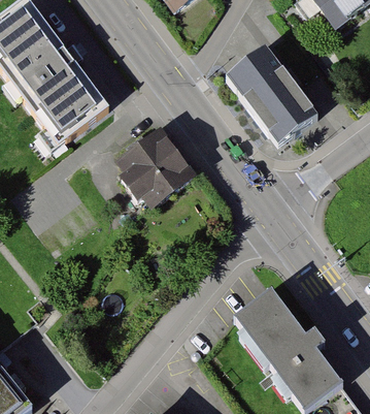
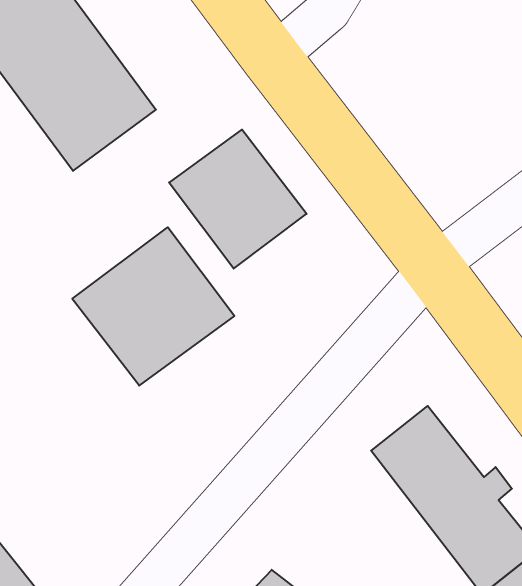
building: [230,45,321,145] -> none
building: none -> [72,227,234,386]

